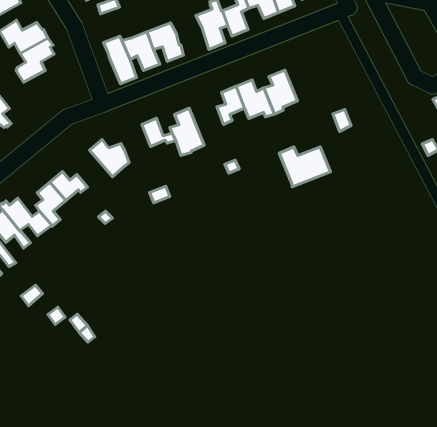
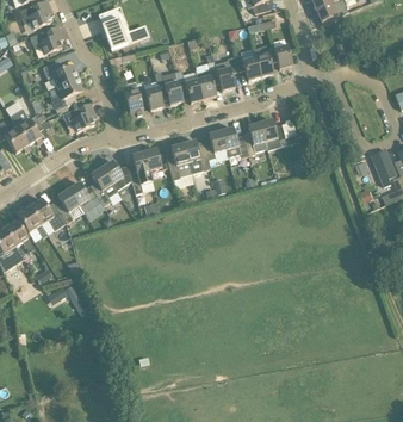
building: none -> [175,70,203,103]
building: none -> [62,101,95,131]
building: none -> [182,139,210,173]
building: none -> [129,151,153,193]
building: [279,147,330,187] -> [260,118,298,149]
building: none -> [89,167,117,205]

